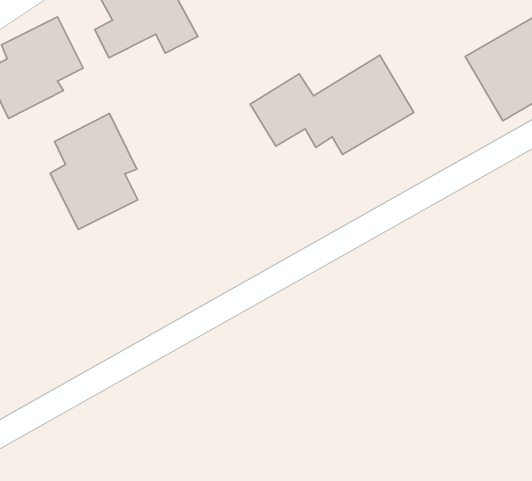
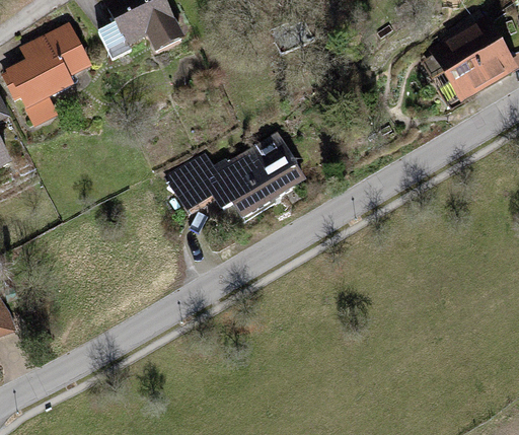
building: [250,55,414,154] -> [164,131,306,217]
building: [50,114,138,230] -> none

